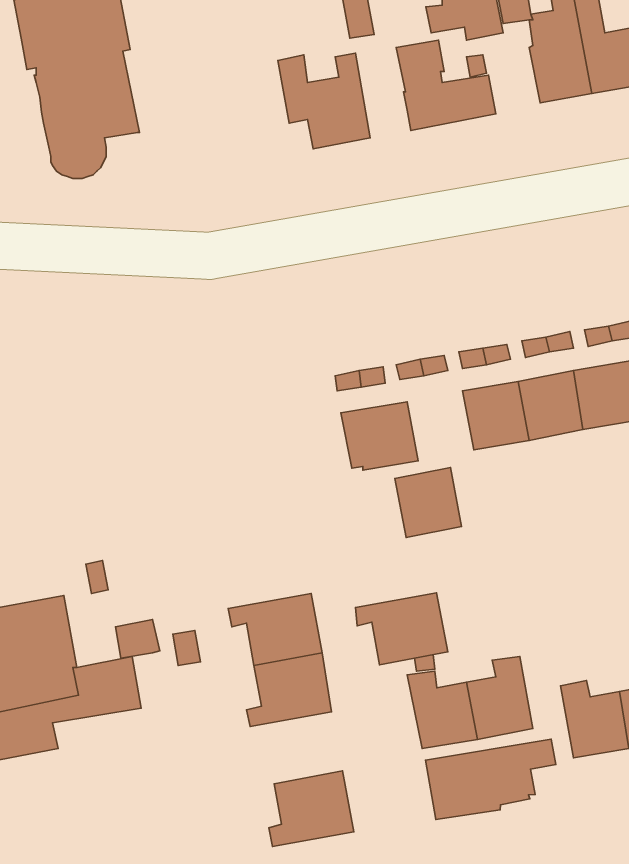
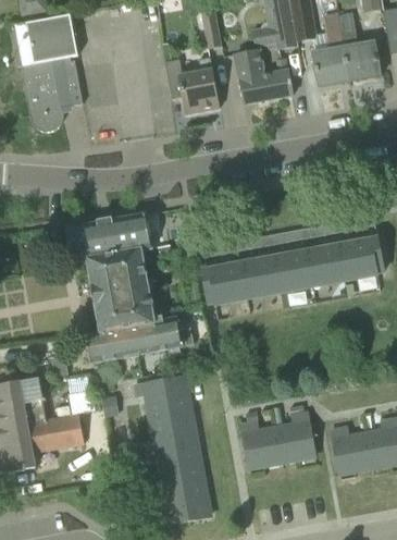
building: none -> [67,213,194,361]
building: [395,468,461,538] -> [241,256,281,297]
building: [355,593,448,665] -> [149,445,203,488]
building: [425,739,556,820] -> none

